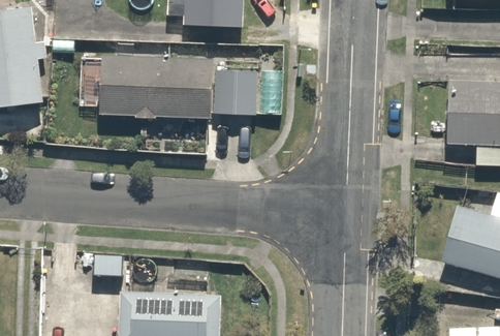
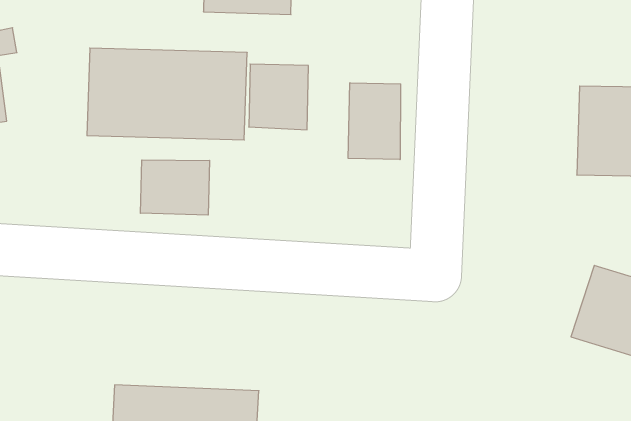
building: none -> [348,83,401,160]
building: none -> [140,160,210,215]

